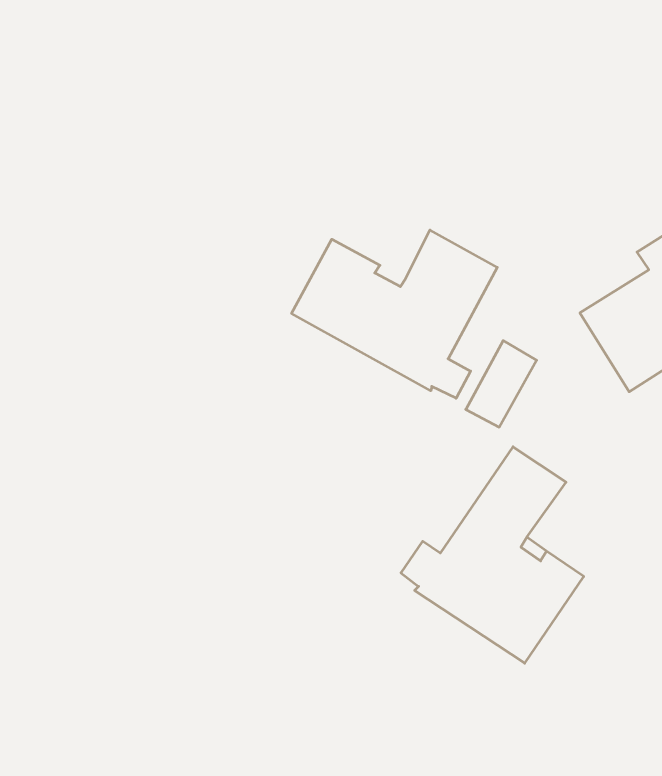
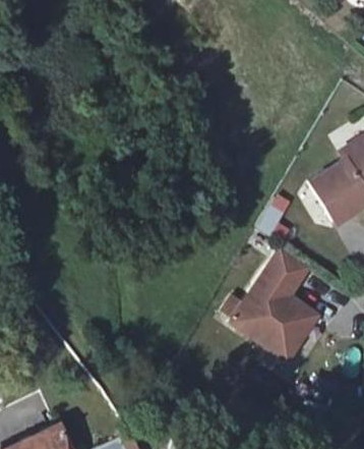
building: [292,230,497,398] -> none

